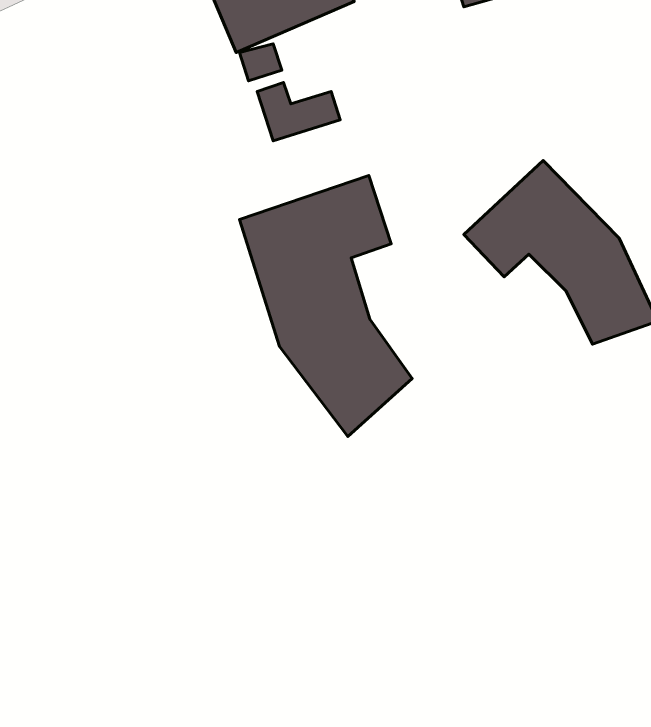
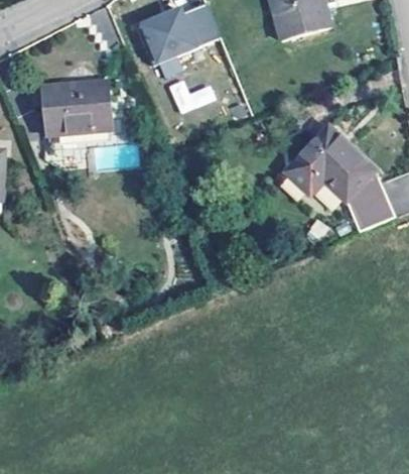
building: none -> [44,82,111,133]
building: [239,175,412,436] -> none

